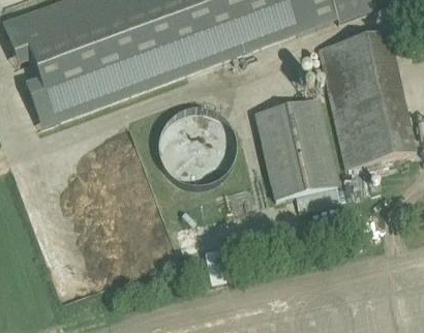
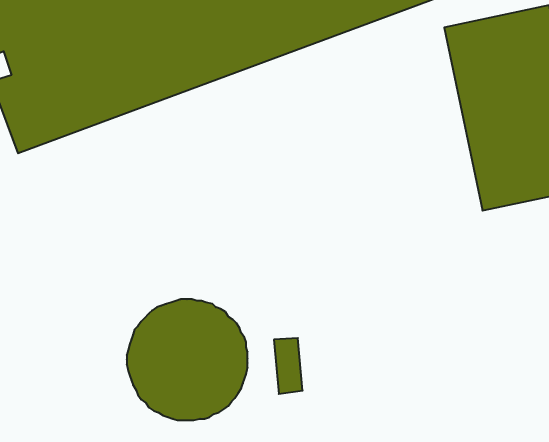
building: [256,97,337,198] -> none
building: [158,108,237,186] -> [127,299,248,420]

